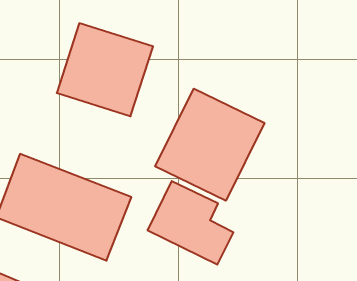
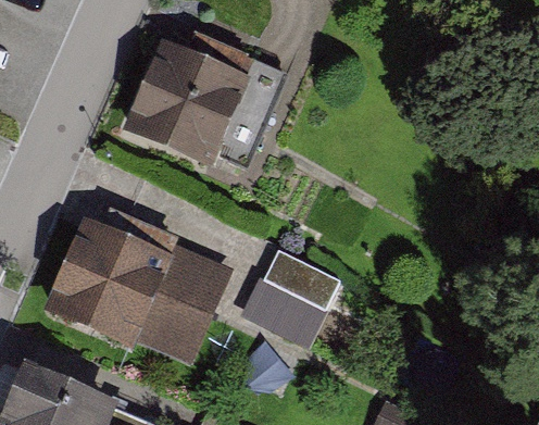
building: [155,89,264,201] -> none

